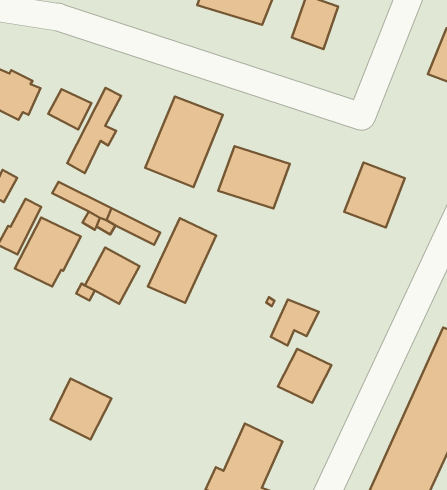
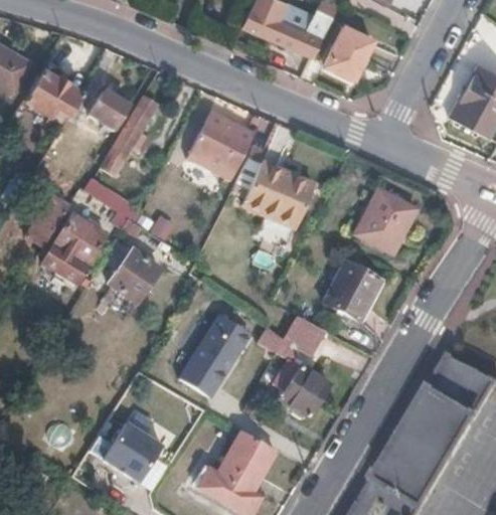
building: [148,218,216,303] -> [181,314,252,395]
building: none -> [319,259,386,325]
building: [51,379,112,439] -> [105,418,165,479]

